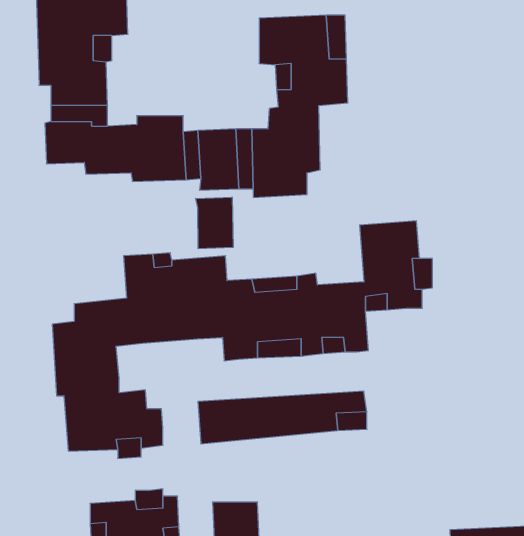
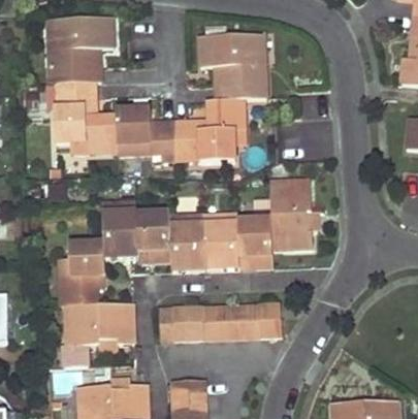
building: [196,197,233,249] -> none

